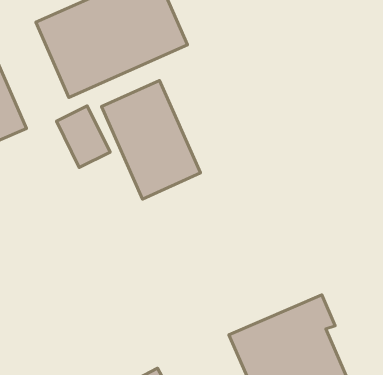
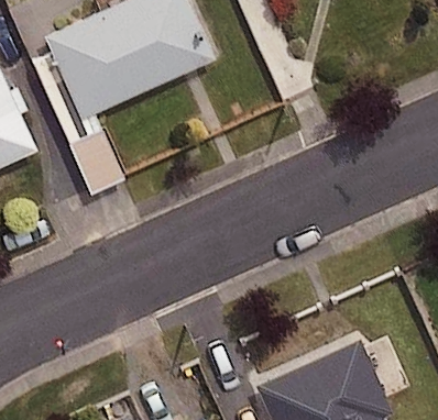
building: [101,80,200,199] -> none

